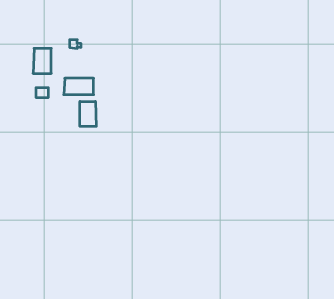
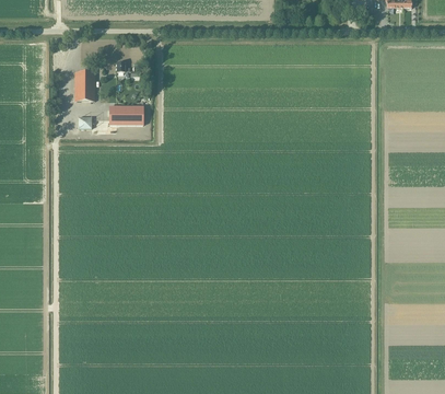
building: [80,101,96,126] -> none

